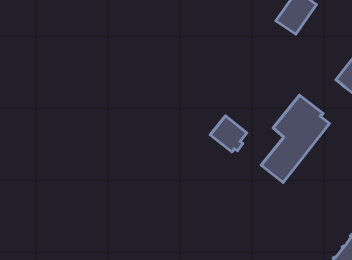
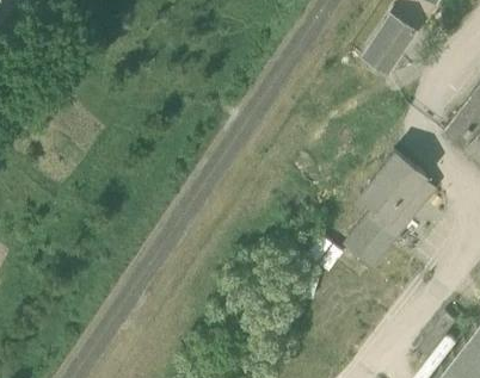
building: [210,116,247,152] -> none

